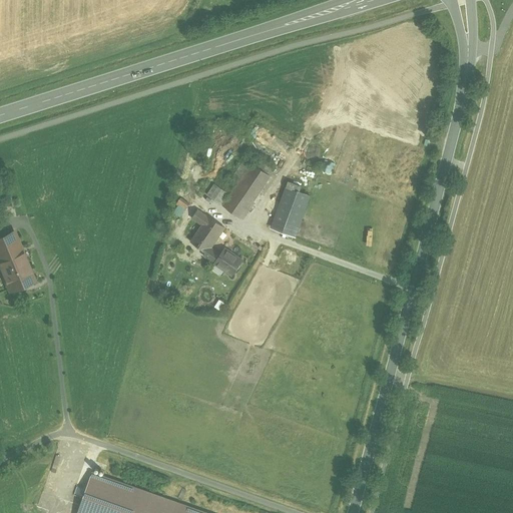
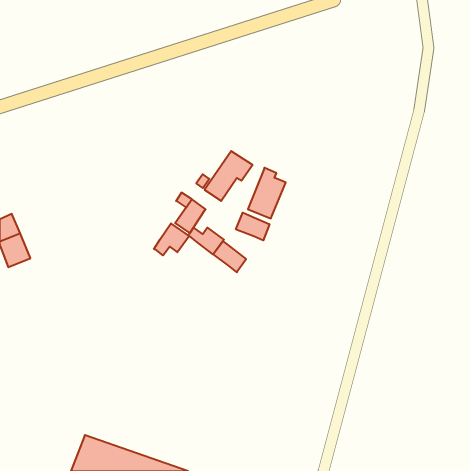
building: none -> [236,213,269,240]
building: none -> [154,223,189,255]
building: none -> [213,241,246,272]

